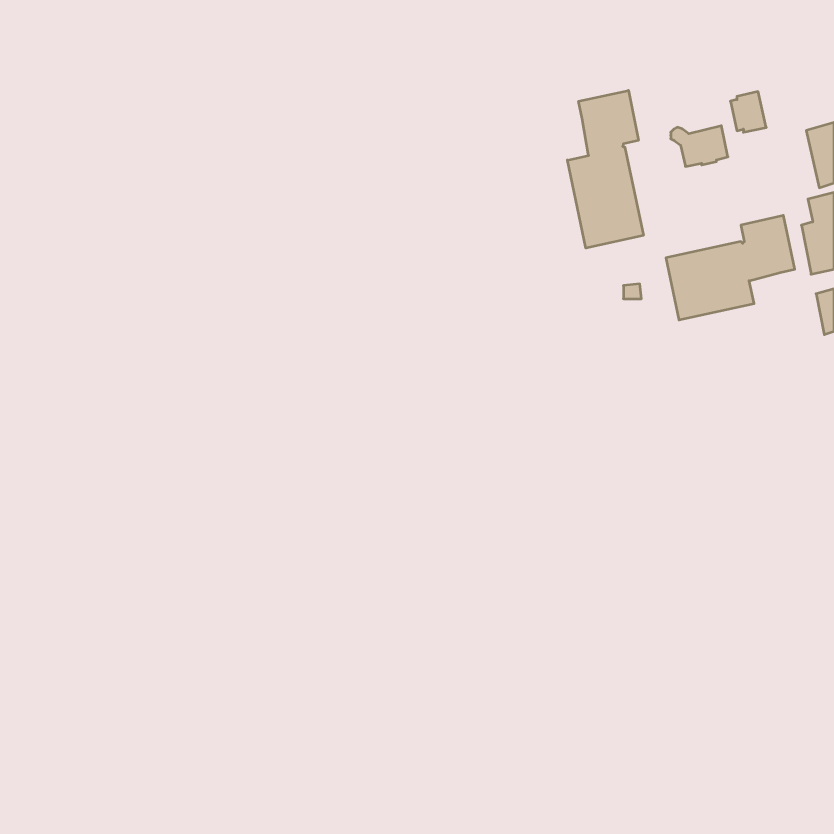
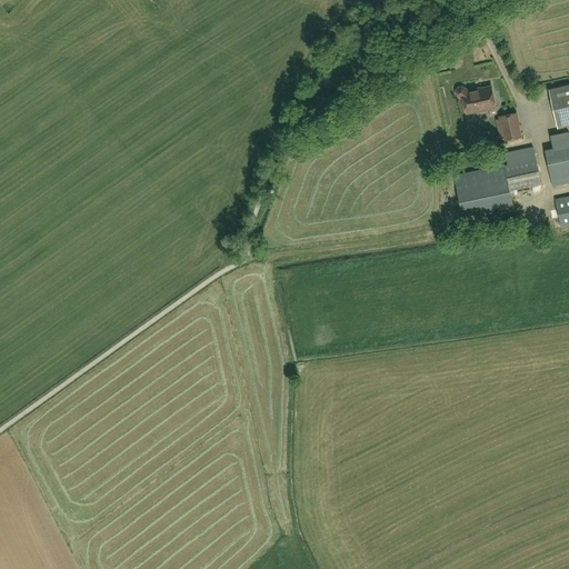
building: [567,90,643,248] -> none
building: [730,92,766,132] -> [497,112,521,140]

